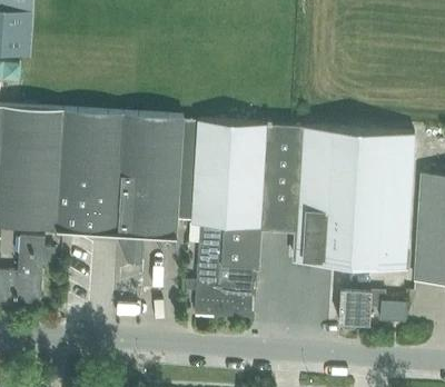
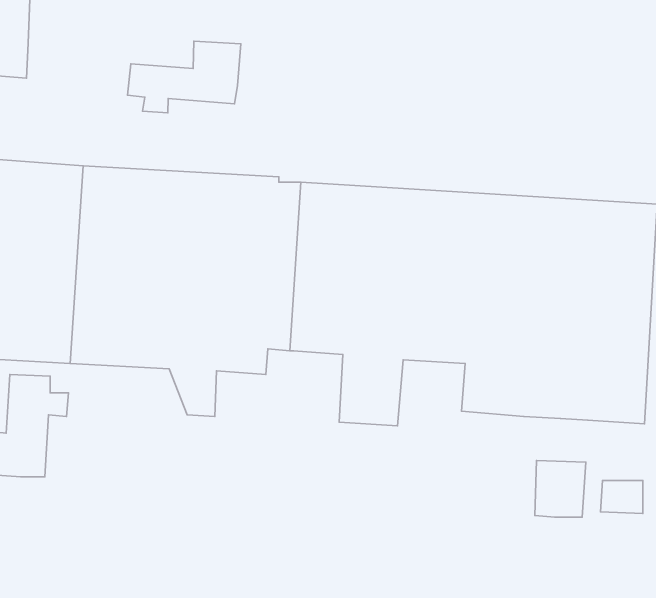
building: none -> [127,41,241,113]
building: [185,224,255,318] -> none

